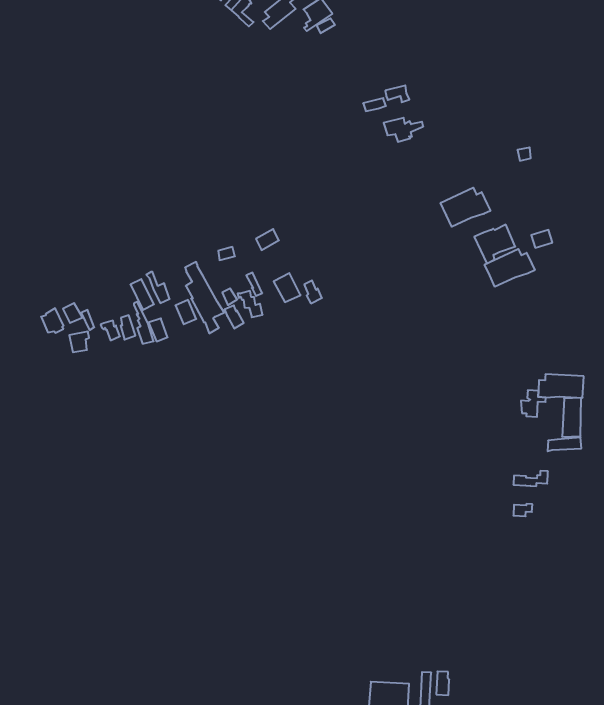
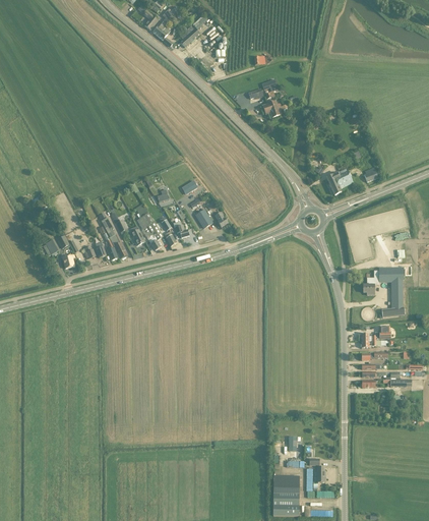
building: [441,188,490,227] -> none
building: [485,249,535,287] -> none

